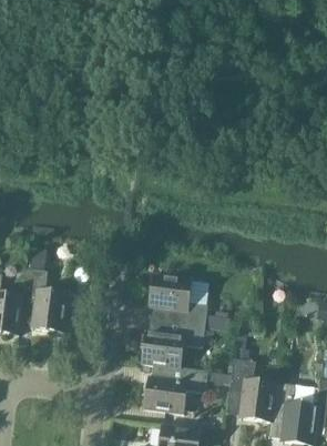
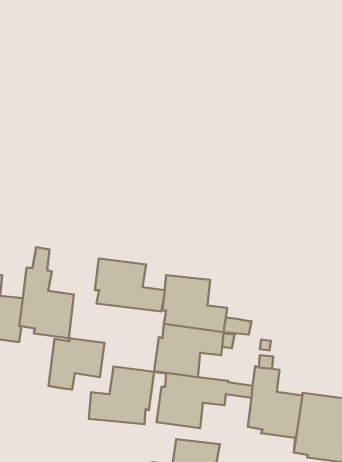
building: none -> [95,259,165,312]
building: none -> [48,338,104,389]
building: none -> [89,366,154,424]

